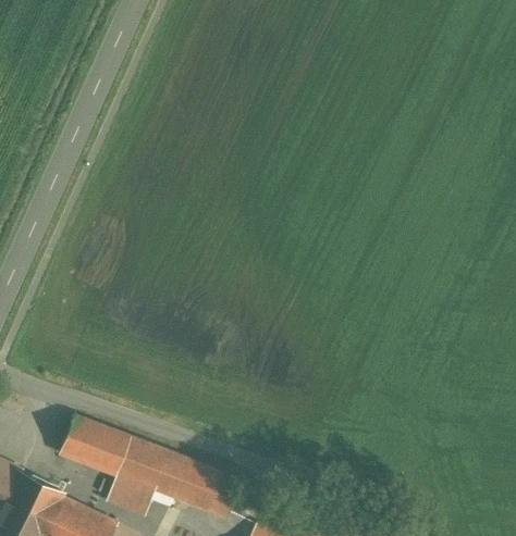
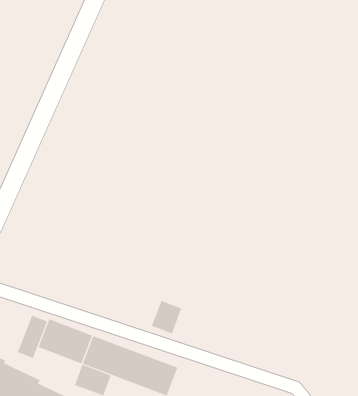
building: none -> [151,300,182,334]
building: none -> [17,315,48,359]

